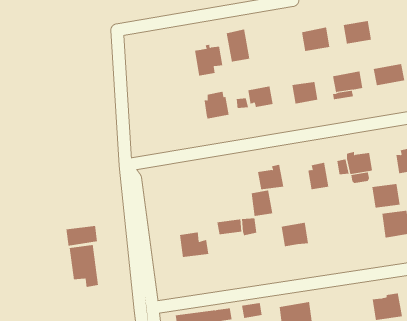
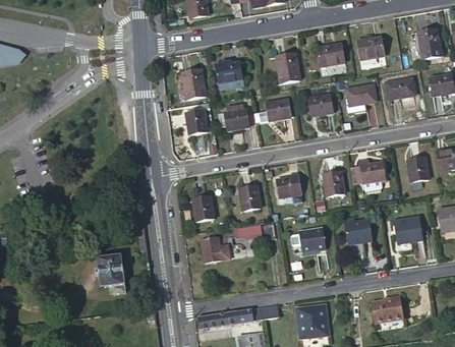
building: [226,29,250,62] -> [276,52,299,83]
building: none -> [181,69,205,100]
building: none -> [185,110,207,134]
building: [372,184,400,208] -> [343,220,371,243]
building: none -> [192,196,213,222]
building: [251,190,273,217] -> [239,185,261,211]
building: [66,225,97,246] -> none

